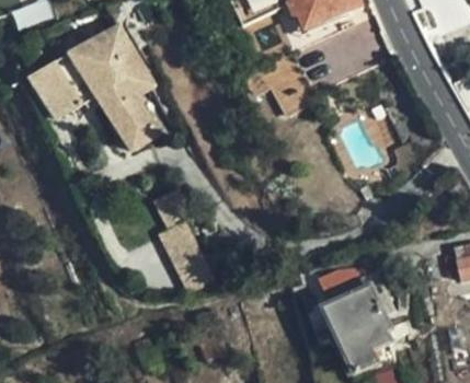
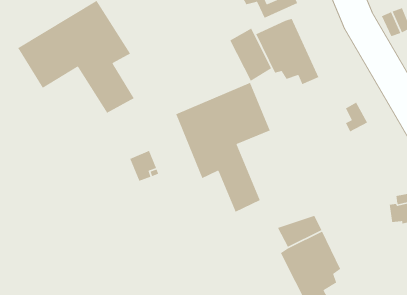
building: none -> [255,18,320,85]
building: none -> [175,82,271,213]

